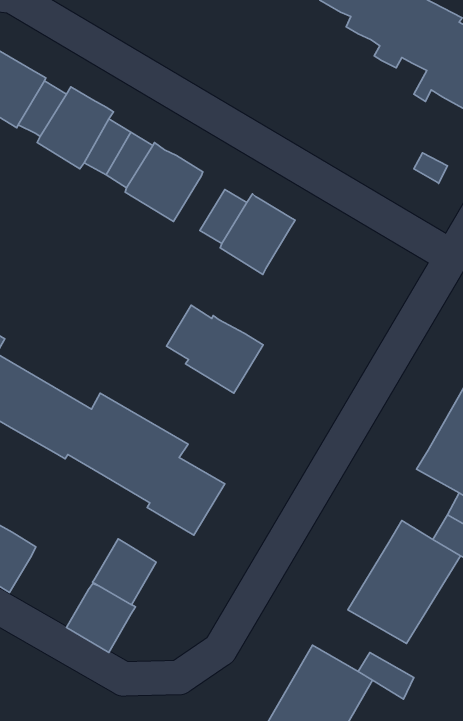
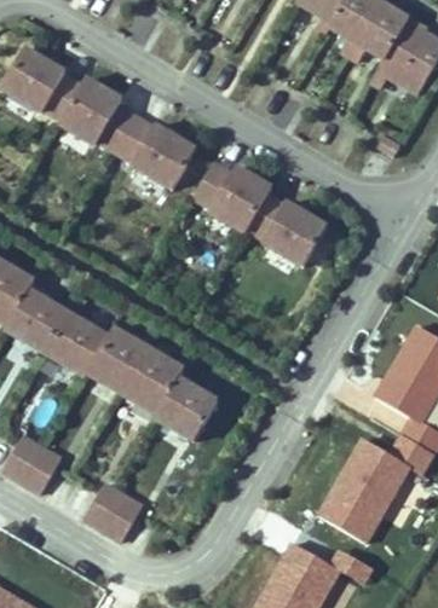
building: [166,305,263,393] -> [252,193,332,266]
building: [93,539,156,605] -> none

